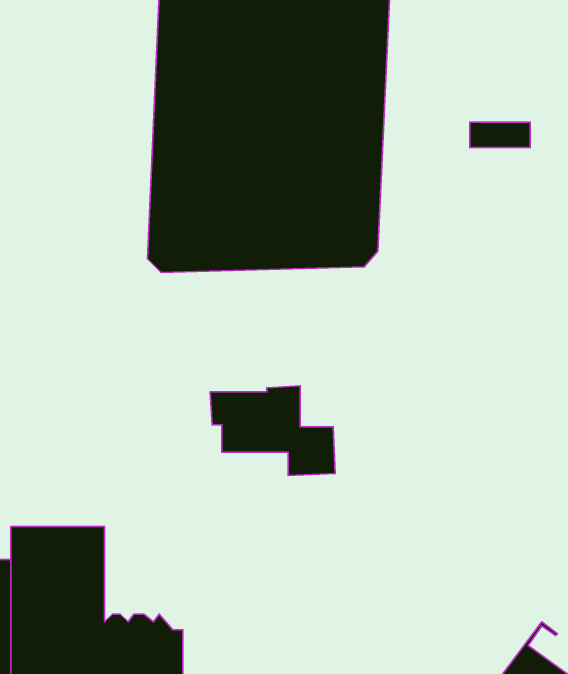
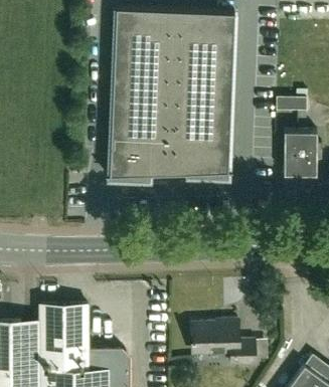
building: none -> [284,131,322,175]
building: [210,386,335,476] -> [192,319,257,365]

